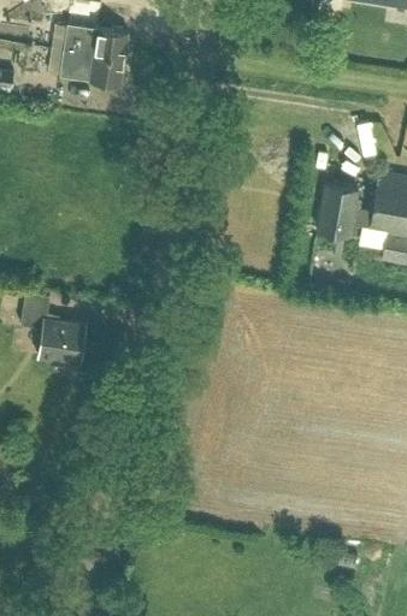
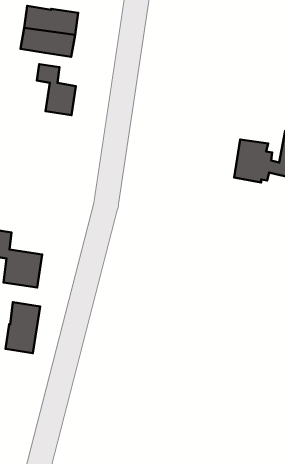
building: none -> [37,64,76,115]
building: none -> [6,302,40,353]

